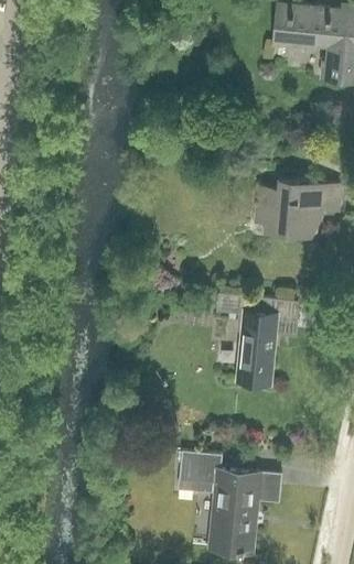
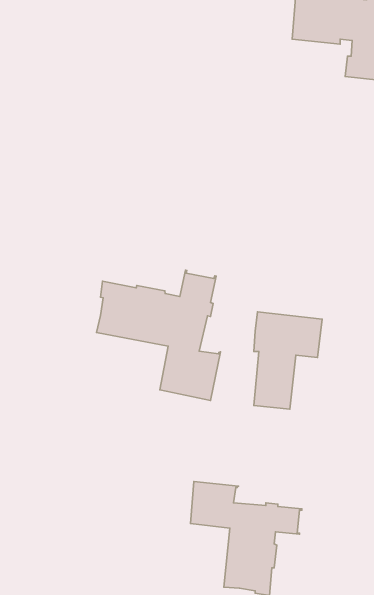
building: [256,178,343,237] -> none
building: none -> [96,270,221,401]

